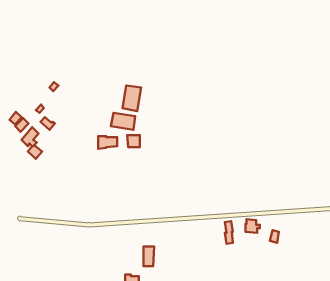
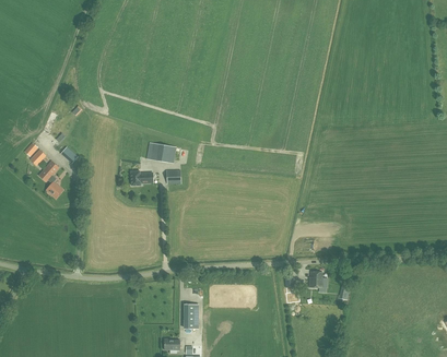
building: [123,86,141,111] -> none

